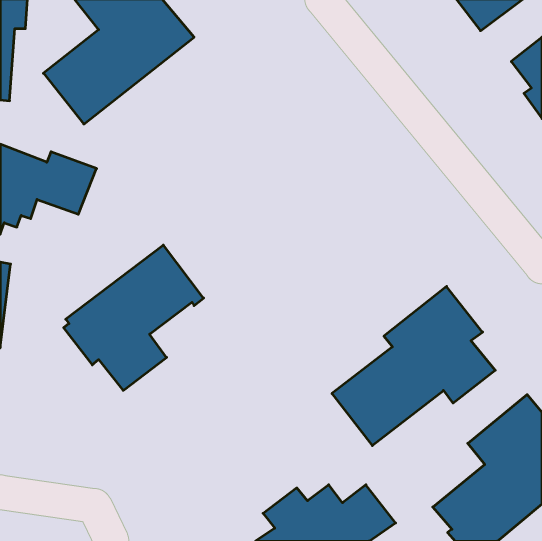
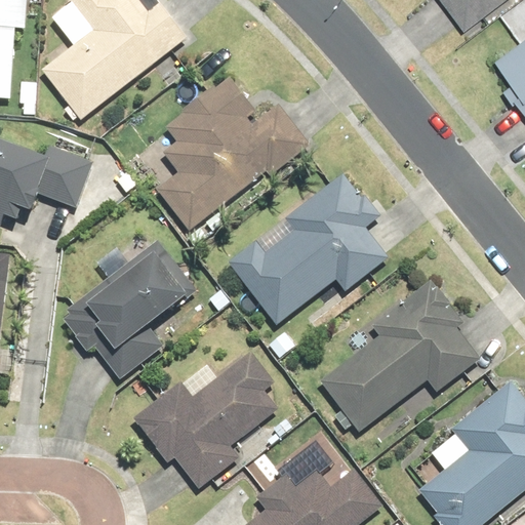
building: none -> [160,77,309,227]
building: none -> [229,174,389,324]
building: none -> [132,352,278,489]

